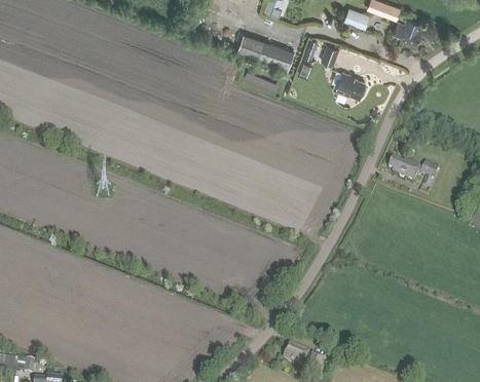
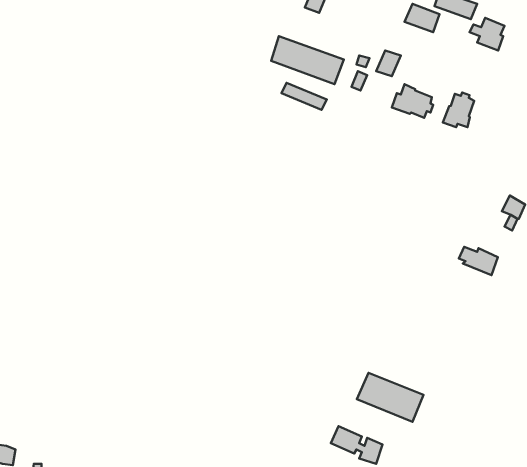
building: none -> [443,92,474,127]
building: [389,157,419,180] -> [459,247,498,275]
building: none -> [357,373,423,422]

